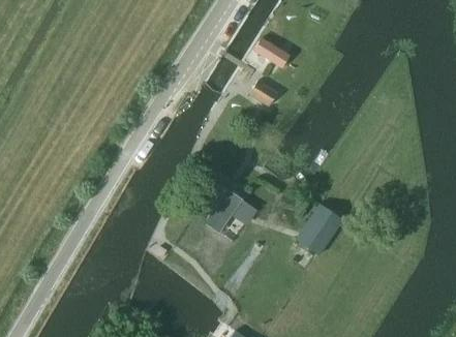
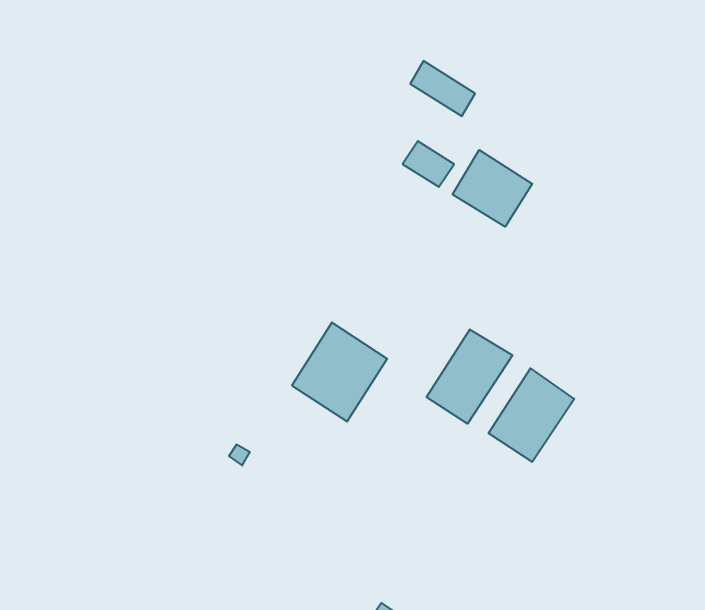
building: none -> [453,150,532,227]
building: none -> [427,329,512,424]

